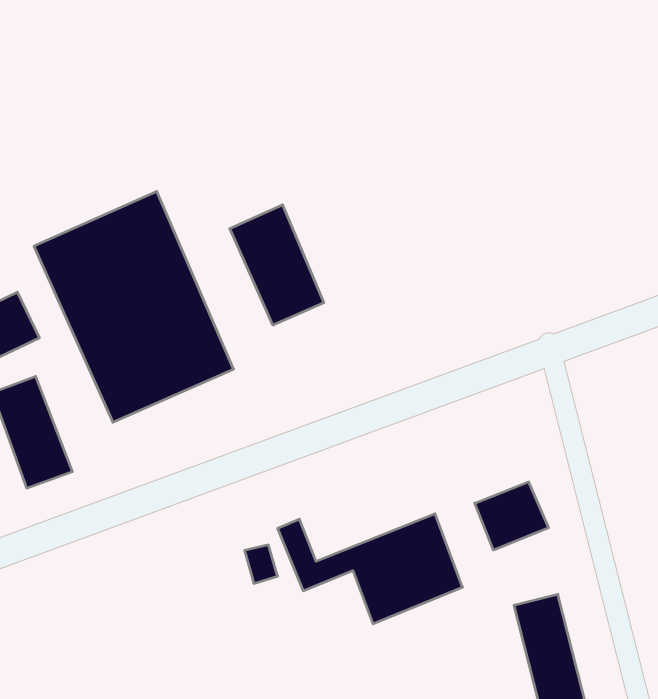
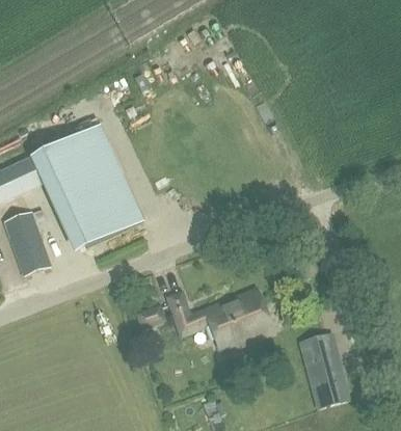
building: [230,205,324,325] -> none
building: [475,482,548,550] -> none

